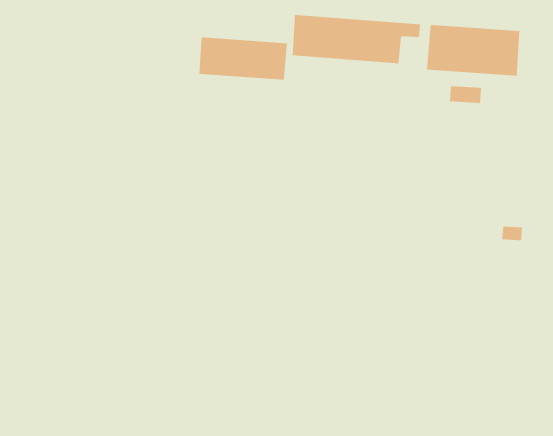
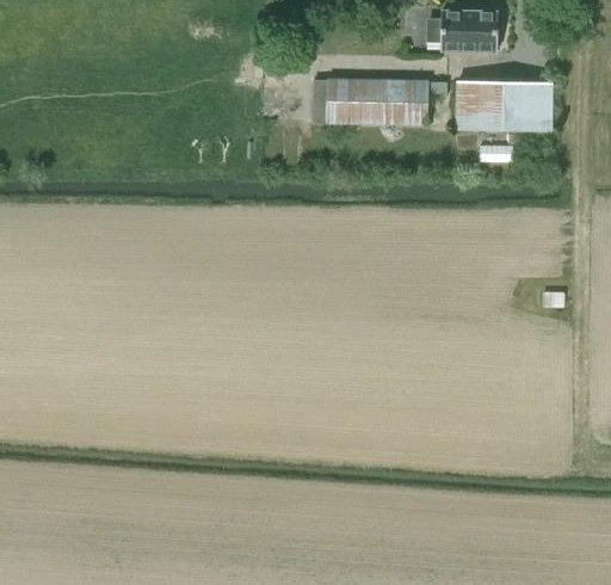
building: [199,37,287,81] -> none

